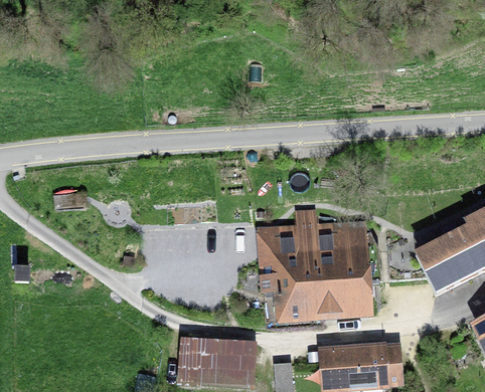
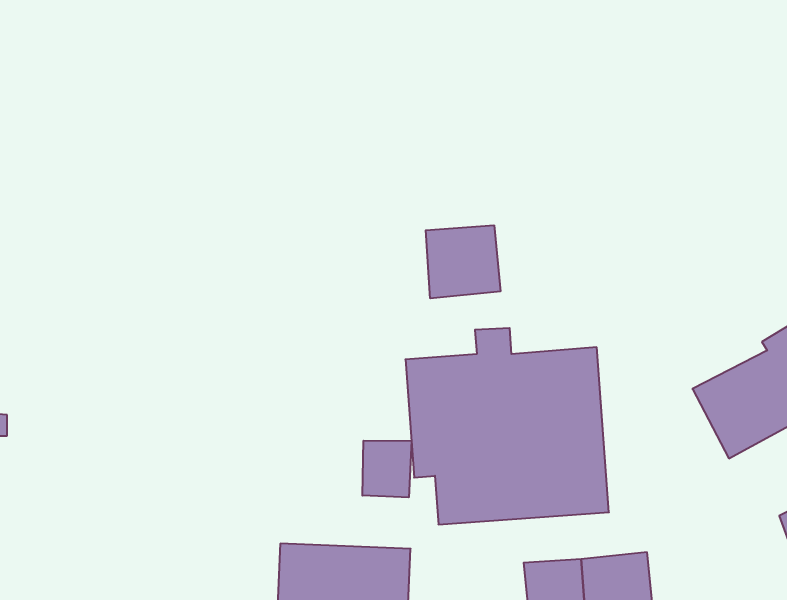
building: none -> [426,225,500,298]
building: none -> [362,441,411,497]

